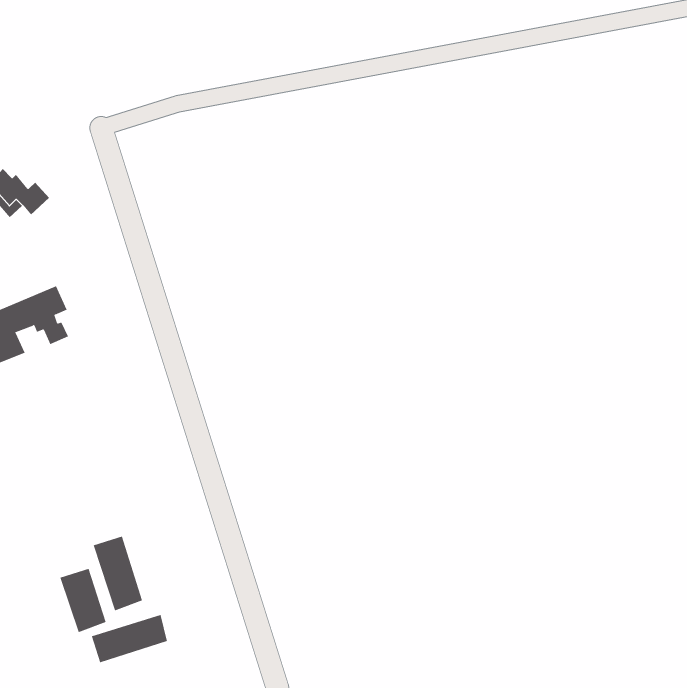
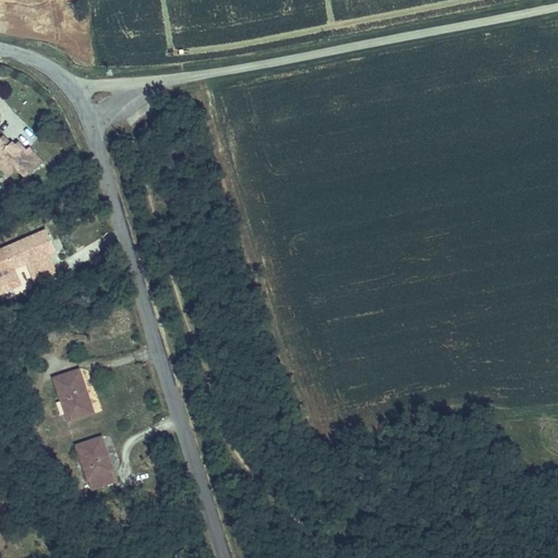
building: [59,568,107,633] -> [52,367,90,420]
building: [91,614,168,663] -> none

